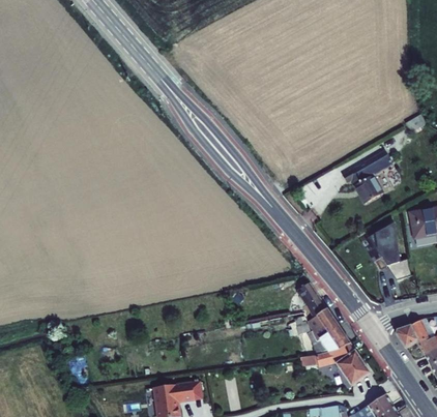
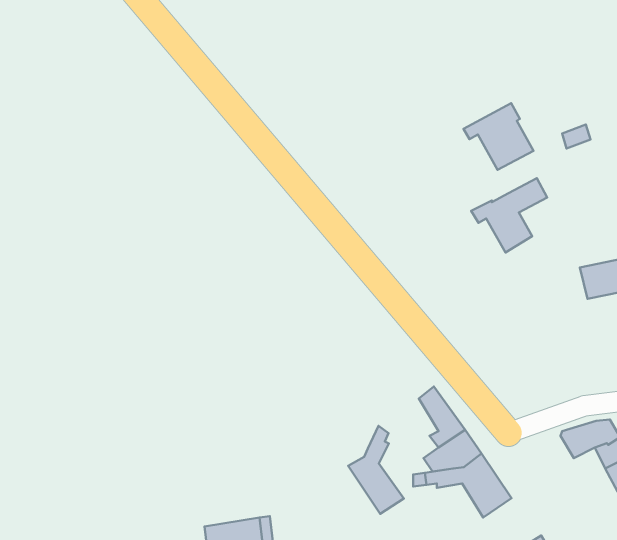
building: none -> [464,103,534,170]
building: [371,226,413,281] -> none
building: none -> [348,426,404,514]

